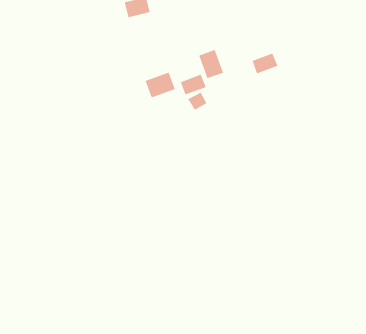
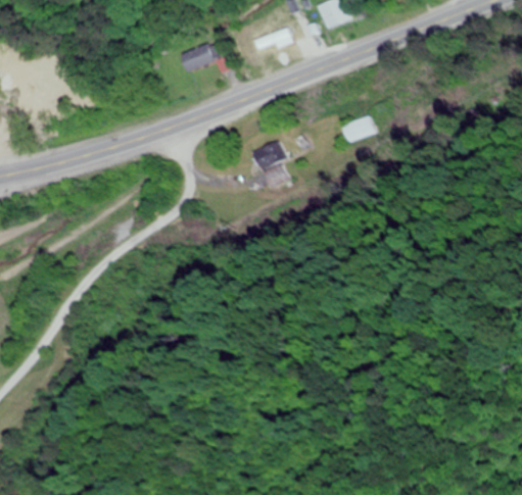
building: [198,49,224,79] -> none
building: [144,71,176,98] -> none

